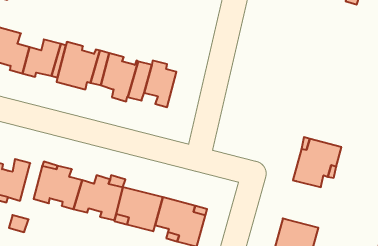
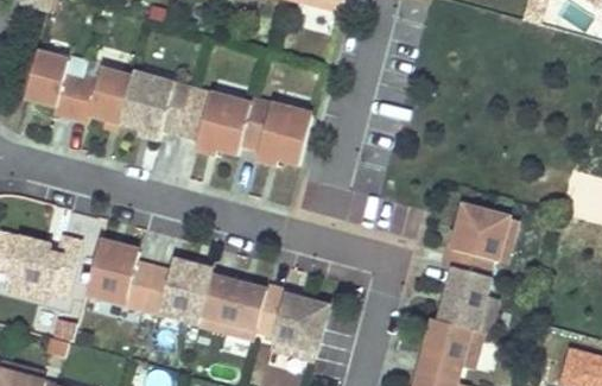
building: none -> [272,107,311,164]
building: none -> [438,266,499,333]

